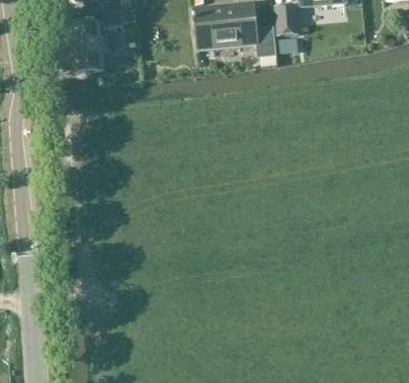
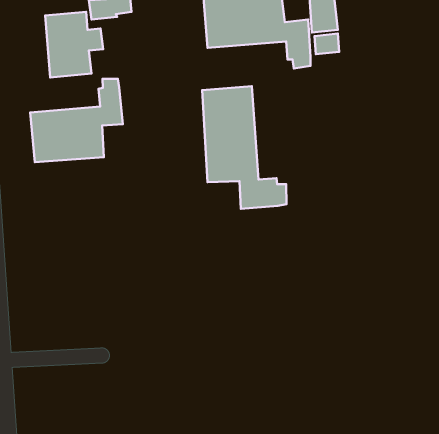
building: none -> [30,79,123,162]
building: none -> [202,86,287,209]

